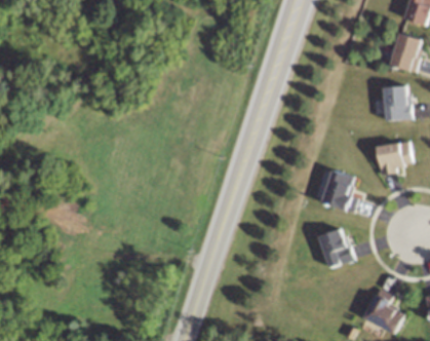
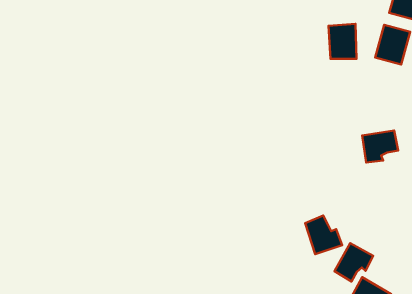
building: [381,85,409,121] -> [329,24,357,59]
building: [321,169,355,211] -> none
building: none -> [335,243,373,282]

